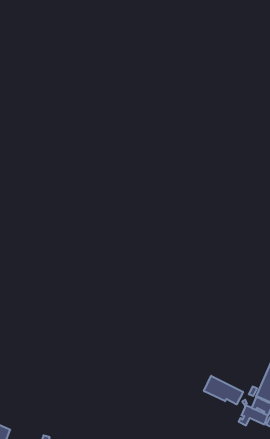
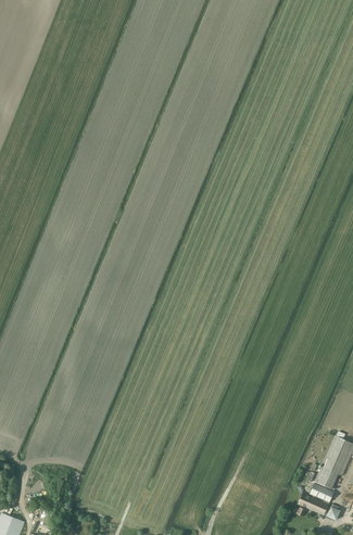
building: [204,376,243,404] -> none

